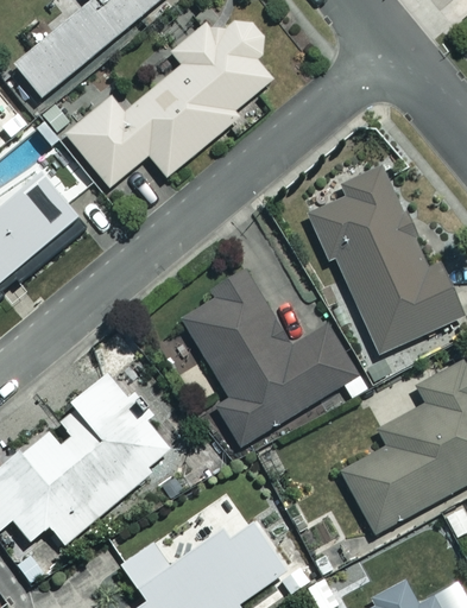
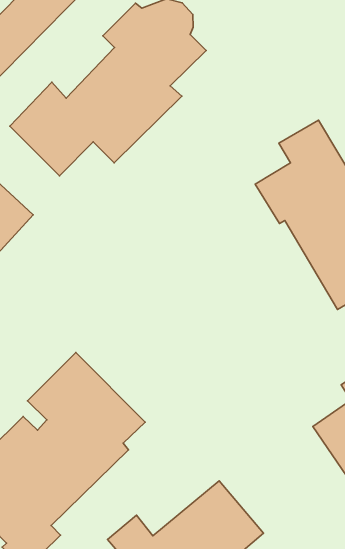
building: [181,267,358,444] -> none

